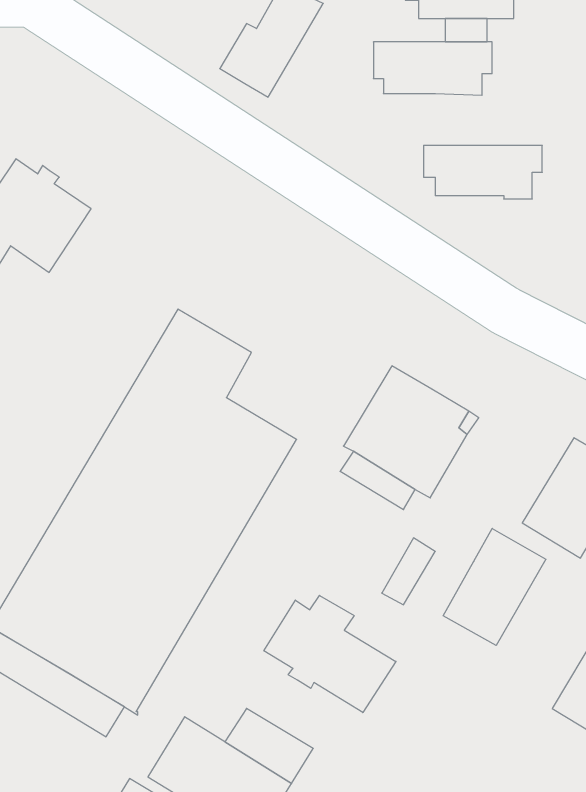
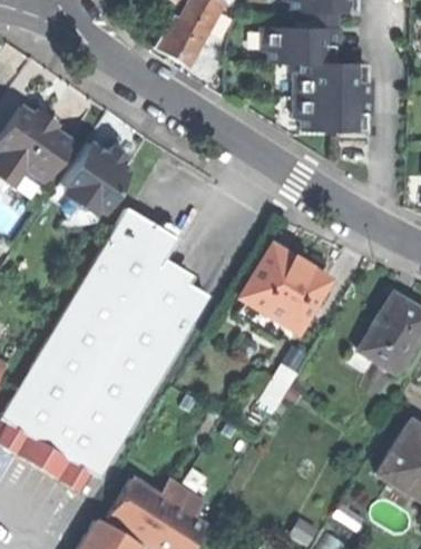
building: none -> [293,63,372,98]
building: none -> [61,144,130,212]
building: [443,528,546,645] -> none
building: [264,595,396,713] -> none

